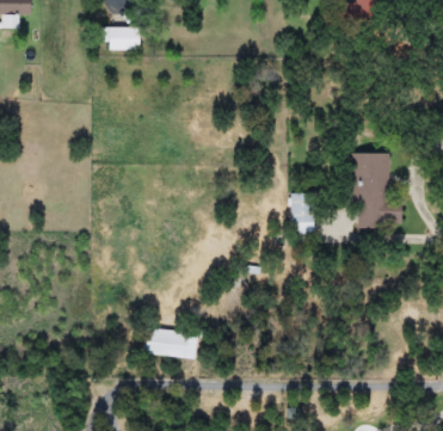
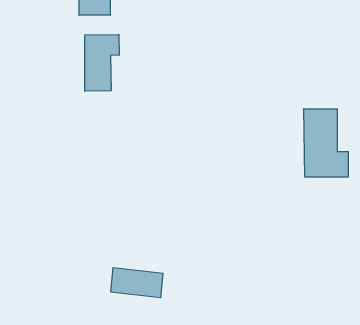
building: none -> [85,34,119,91]
building: [290,192,315,234] -> none

